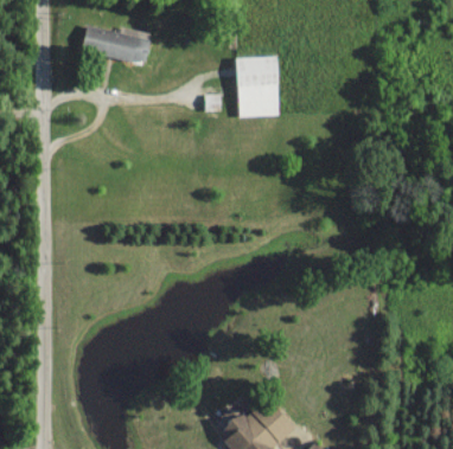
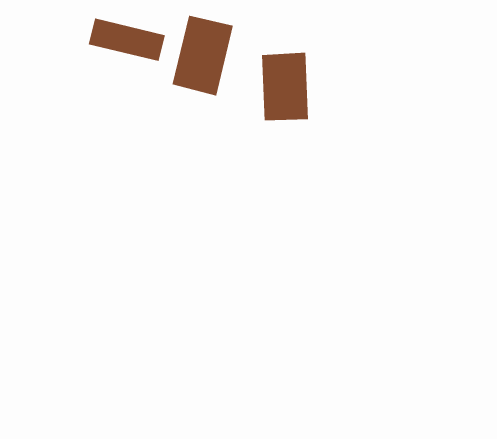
building: none -> [172,15,234,97]

